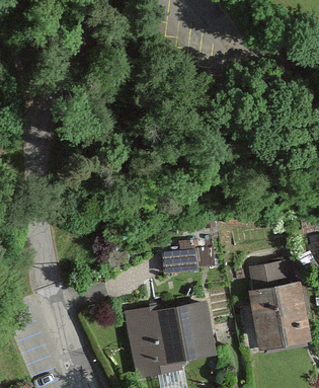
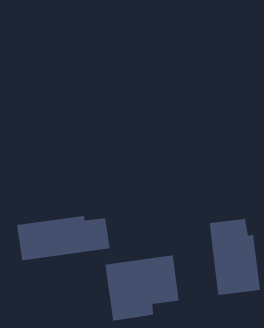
building: none -> [17,215,110,261]

